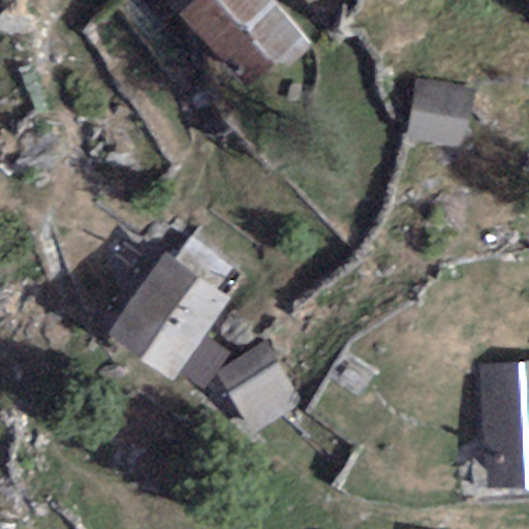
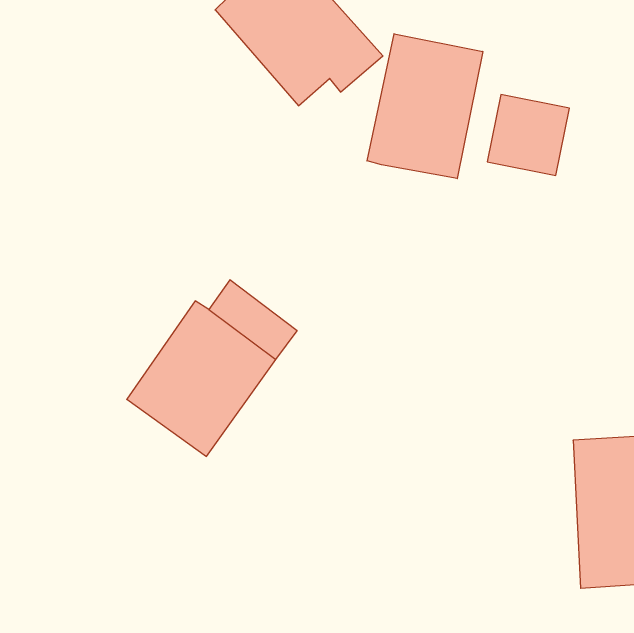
building: none -> [367,34,483,179]
building: [217,343,299,431] -> none

